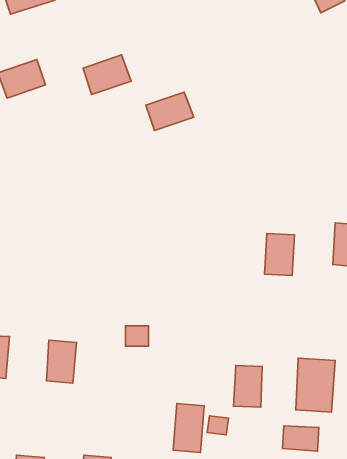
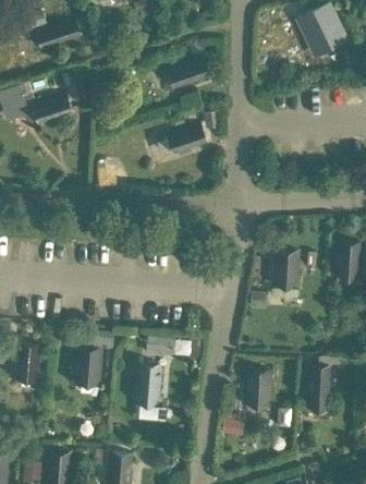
building: [83,55,131,94] -> [168,57,211,93]
building: [173,403,204,453] -> [135,364,163,409]
building: [282,426,319,451] -> none

